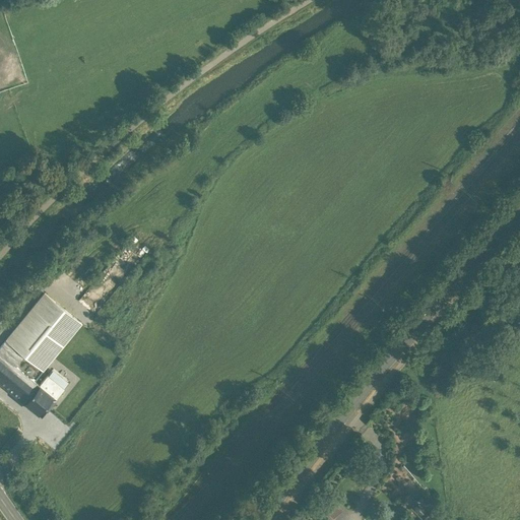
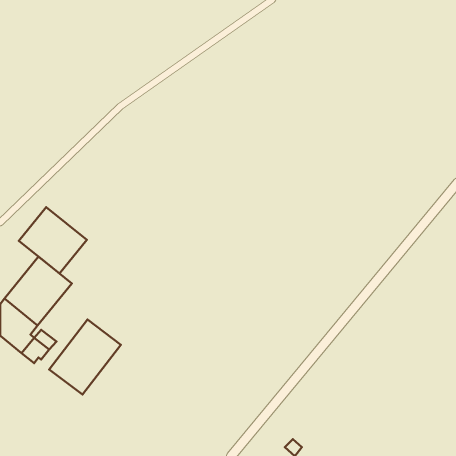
building: none -> [19,207,87,274]
building: none -> [49,320,121,395]

